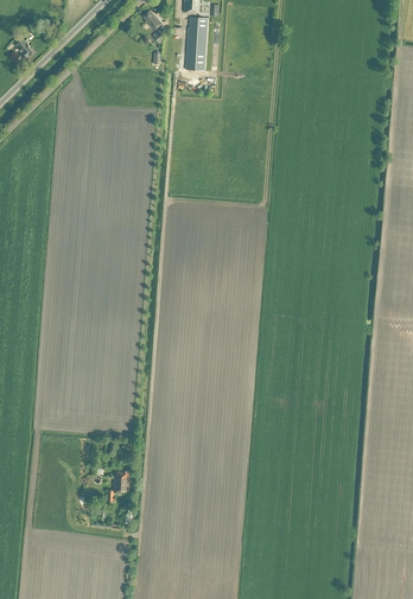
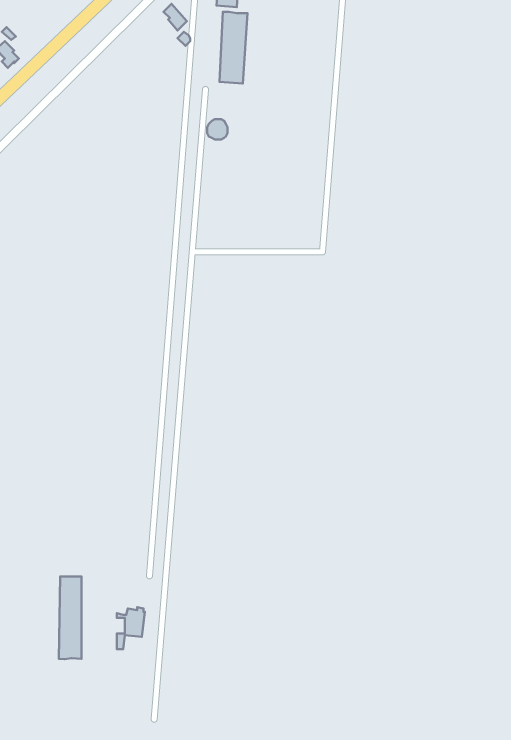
building: none -> [59,576,81,659]

